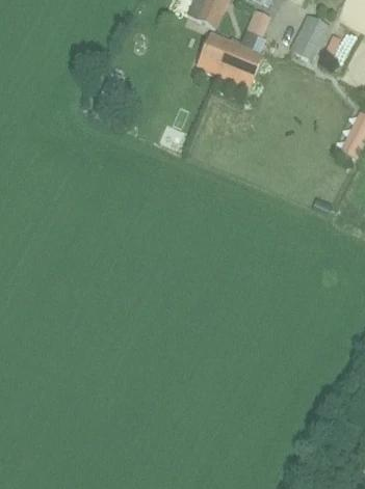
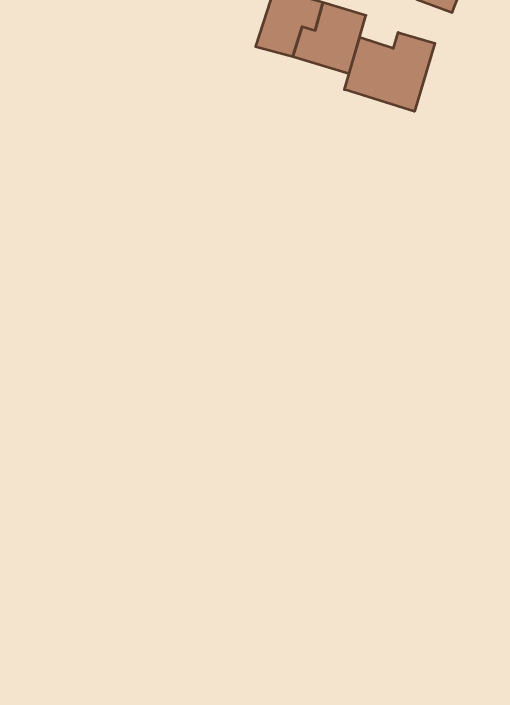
building: none -> [344,32,435,111]

